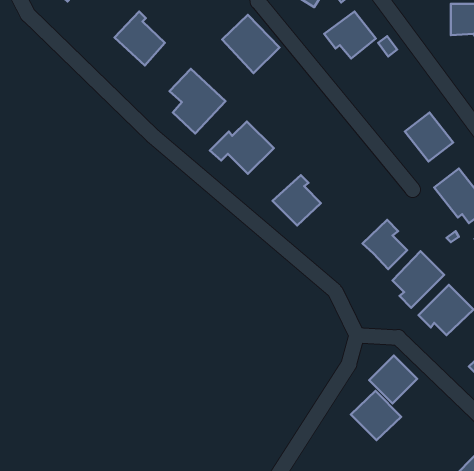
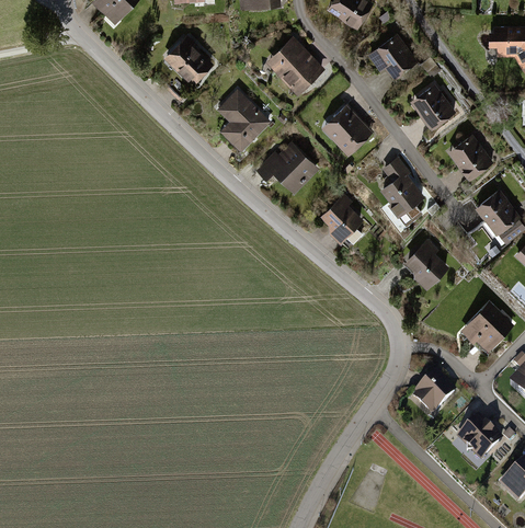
building: none -> [410,82,456,130]
building: none -> [322,104,374,156]
building: none -> [379,156,424,216]
building: [392,251,444,308] -> none
building: [351,391,401,440] -> [454,414,503,462]

